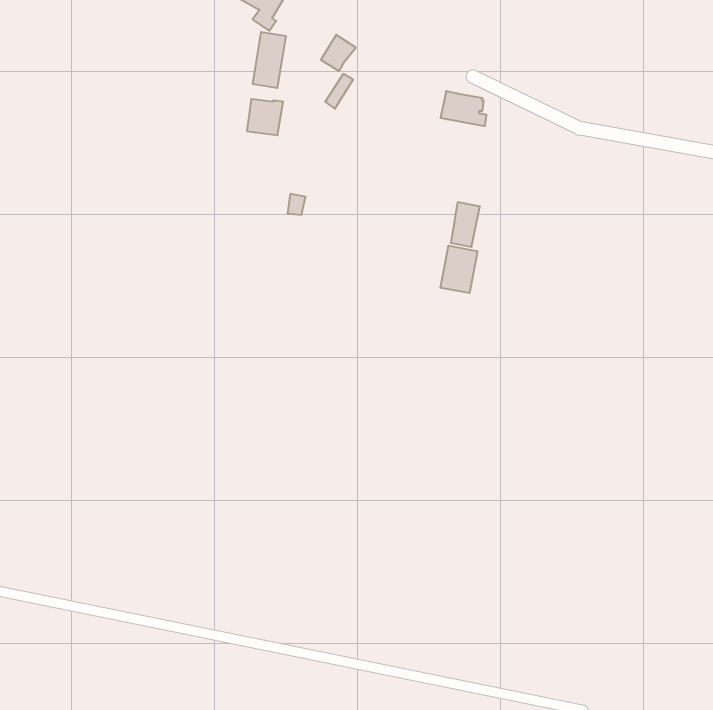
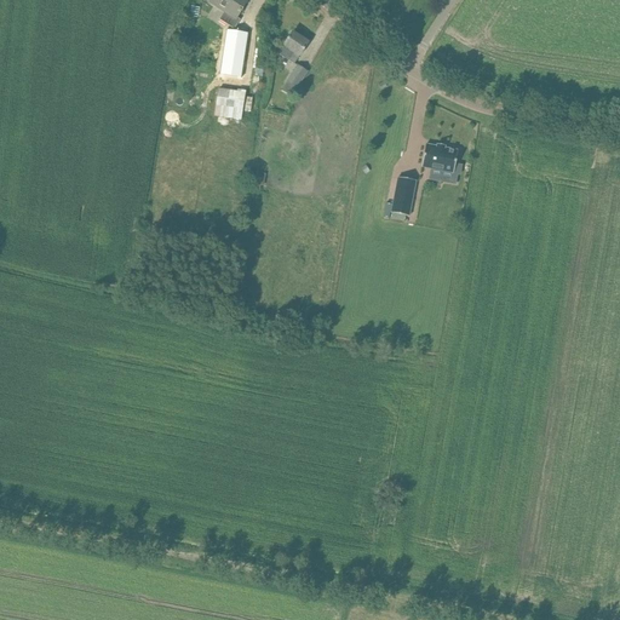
building: [440,91,487,126] -> [421,142,461,172]
building: [441,246,477,293] -> none

